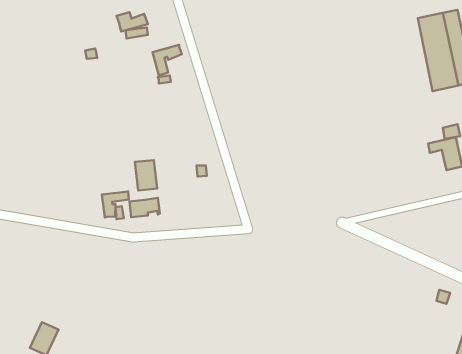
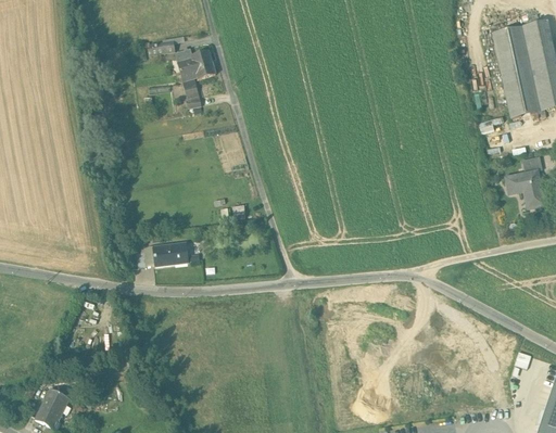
building: [117,12,148,31] -> [175,48,212,71]
building: [135,160,157,191] -> none
building: [102,192,129,218] -> none

